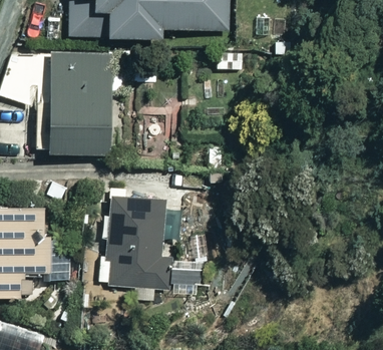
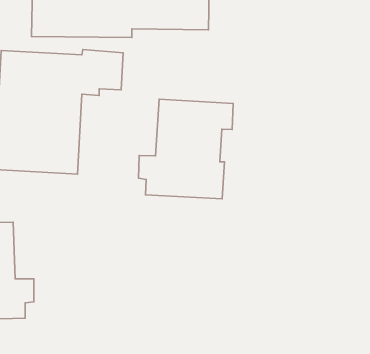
building: none -> [139,99,233,199]
building: [93,198,176,302] -> none

